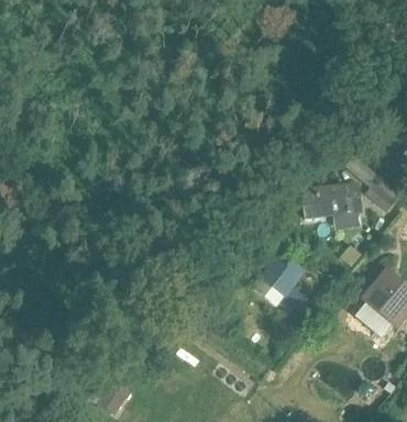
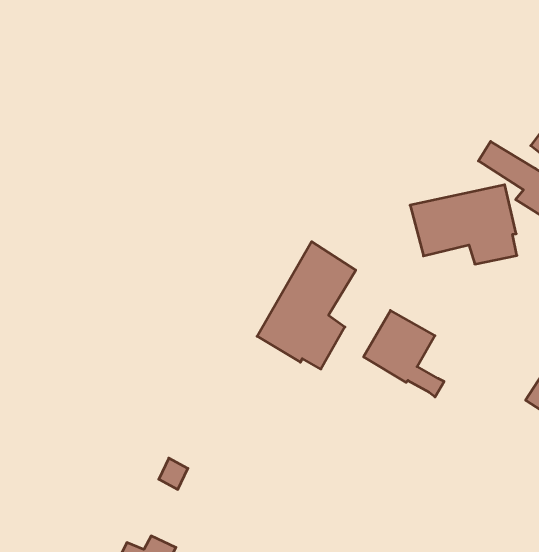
building: none -> [257,242,356,369]

